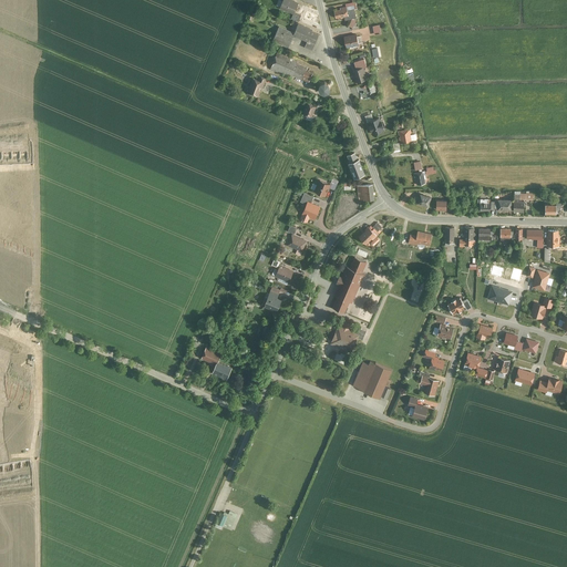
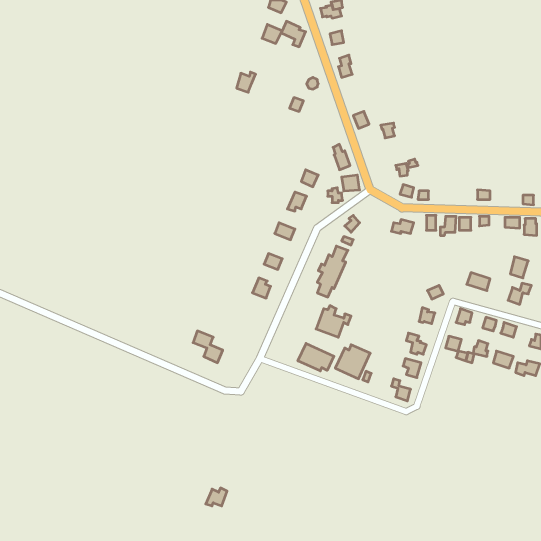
building: [271,54,312,82] -> none
building: none -> [298,343,334,371]

